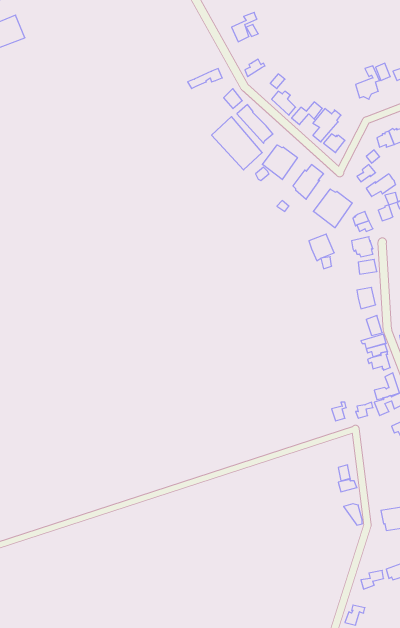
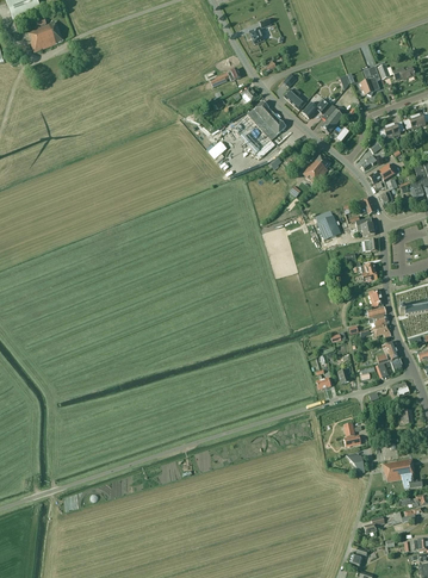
building: [262,145,297,180] -> none
building: [313,189,352,228] -> none

